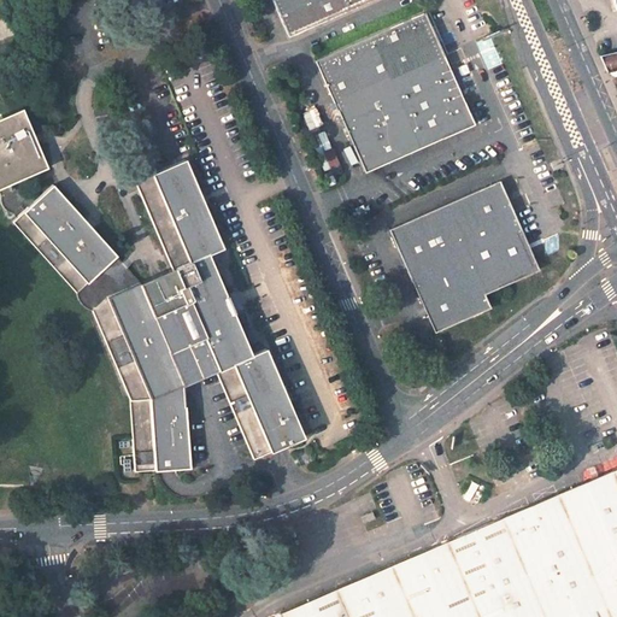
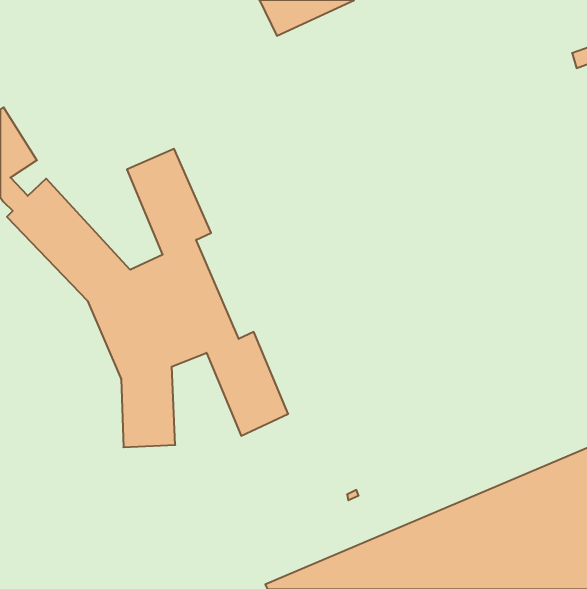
building: [319,12,481,174] -> none
building: [395,183,546,335] -> none

